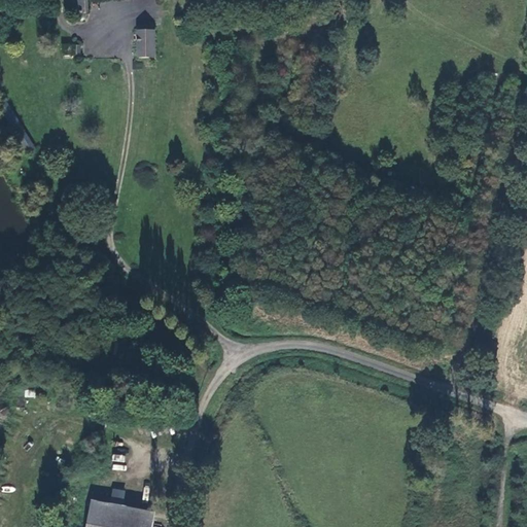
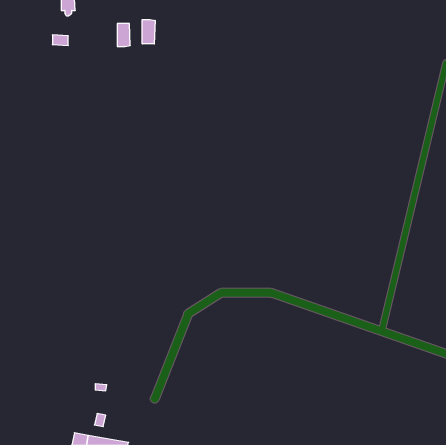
building: none -> [142,20,155,44]

